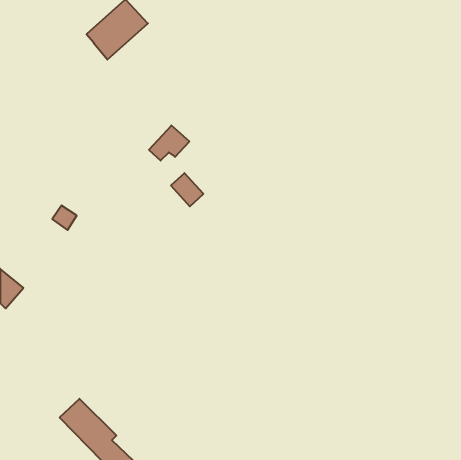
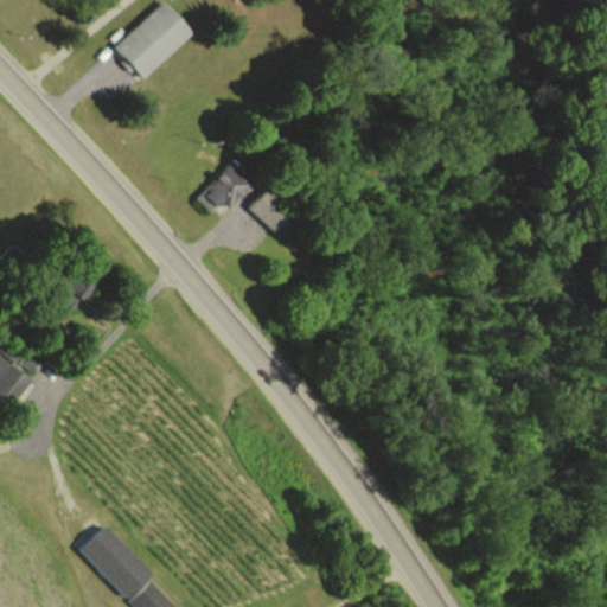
building: [171,173,203,206] -> [247,190,289,234]

